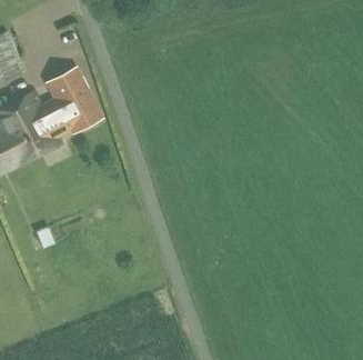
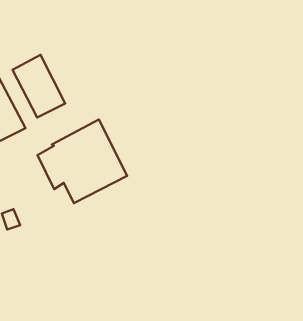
building: none -> [37,119,127,203]

